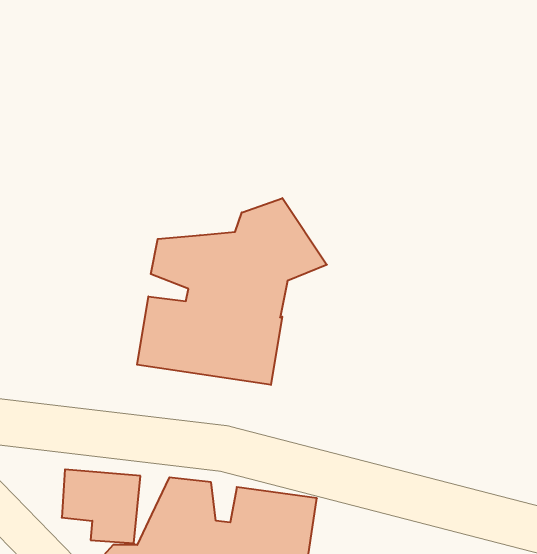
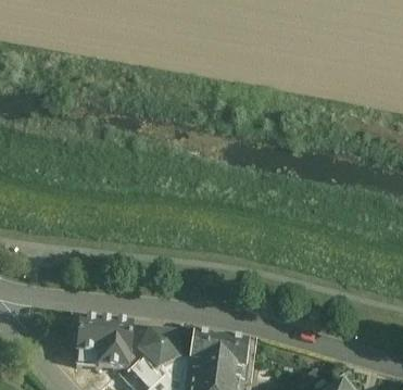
building: [137,198,327,385] -> none

